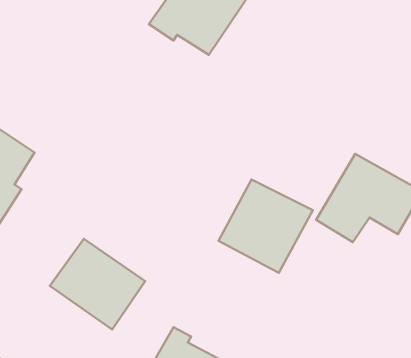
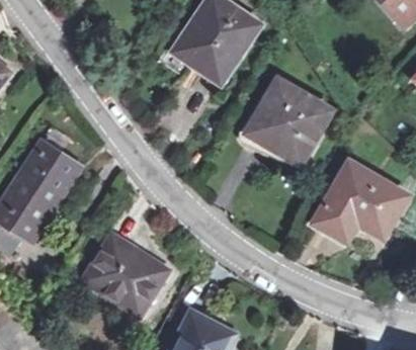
building: [219,180,313,273] -> [247,83,328,163]

